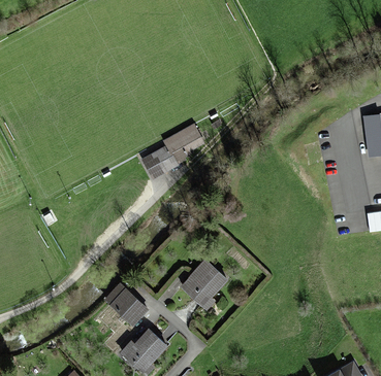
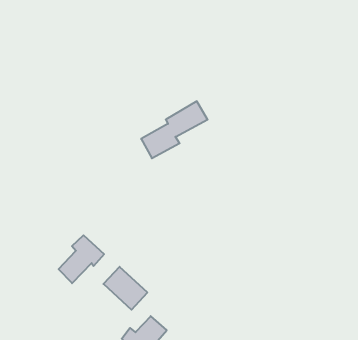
building: none -> [59,235,104,283]
building: [181,261,224,307] -> none

